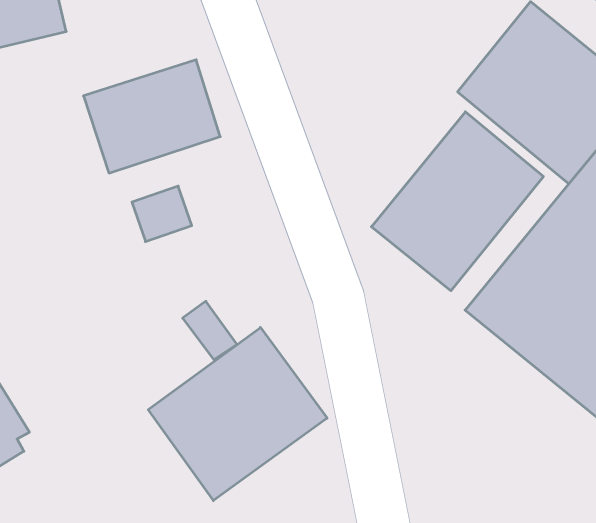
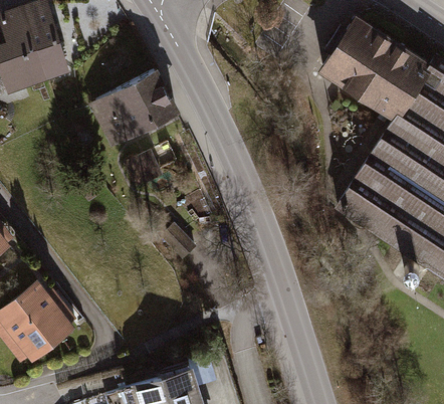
building: [371,112,543,291] -> none
building: [148,327,327,501] -> none

